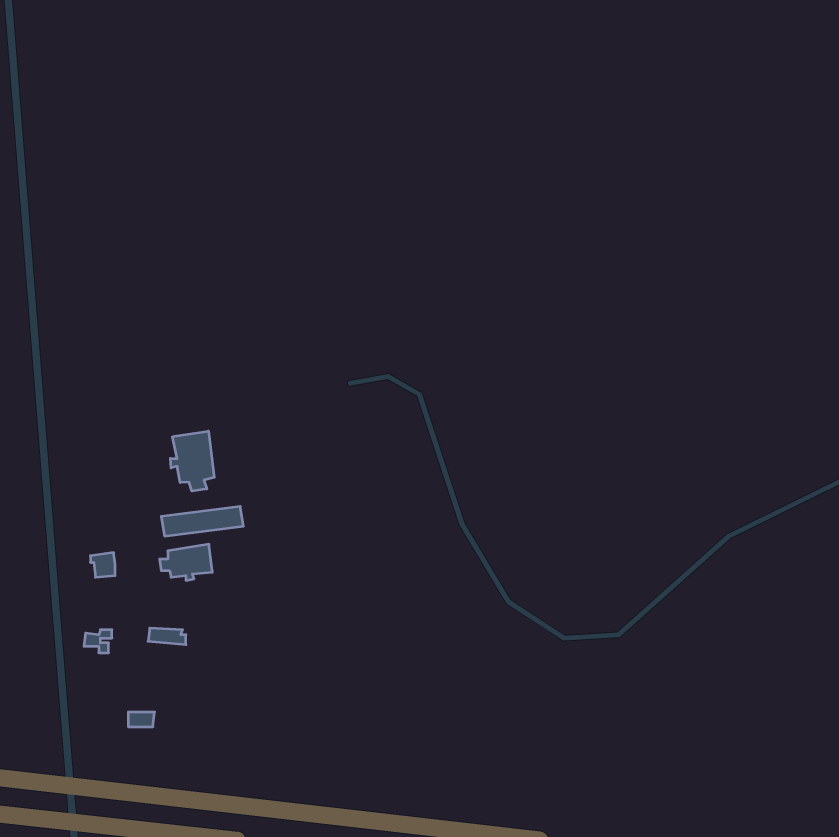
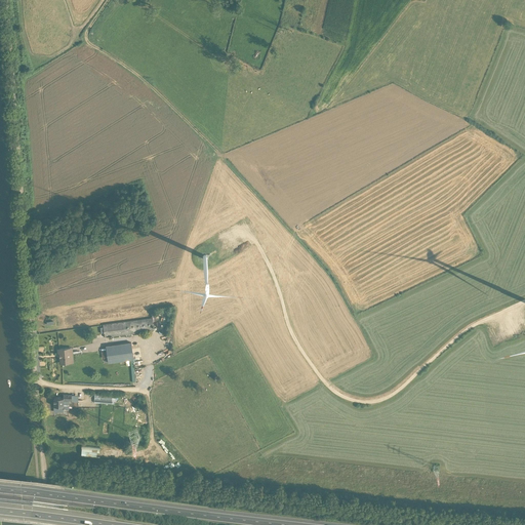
building: [170,431,214,491] -> none

